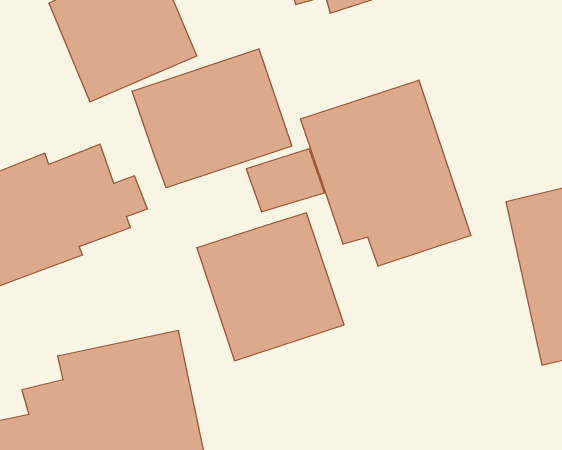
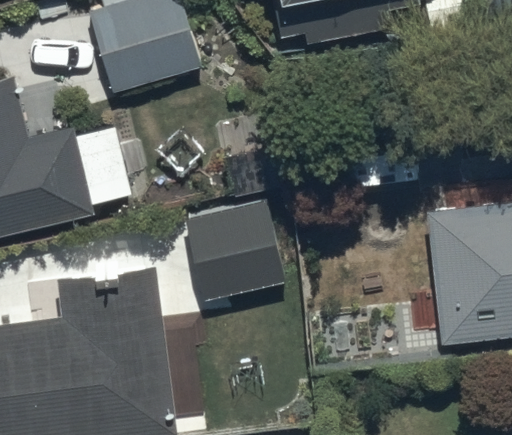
building: [132,49,292,188] -> none
building: [300,80,471,266] -> none

